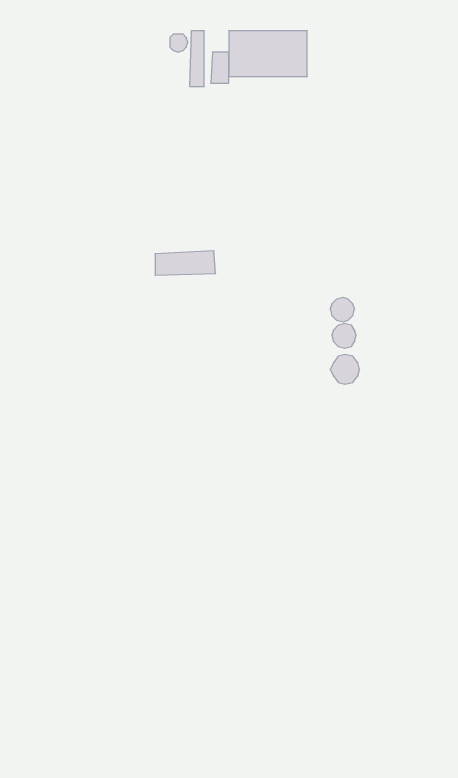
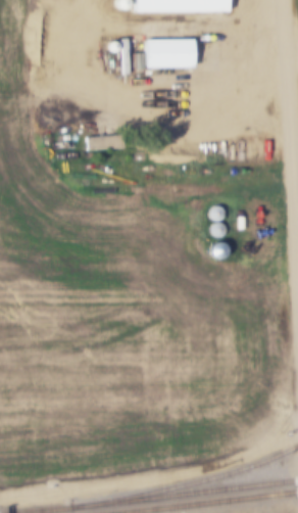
building: [155,251,216,275] -> [88,135,126,150]

